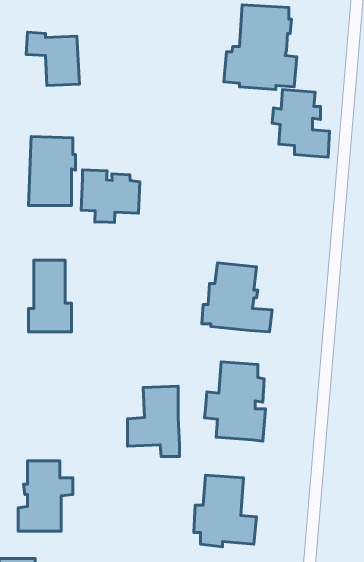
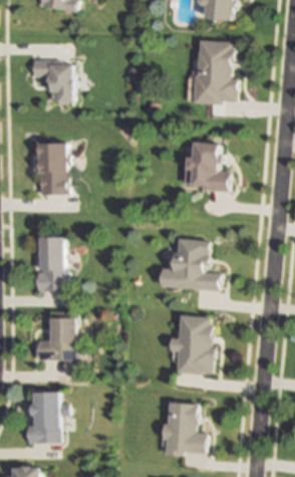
building: [272,89,329,157] -> [186,141,230,193]
building: [81,170,140,222] -> none
building: [127,386,180,457] -> [34,315,74,370]

